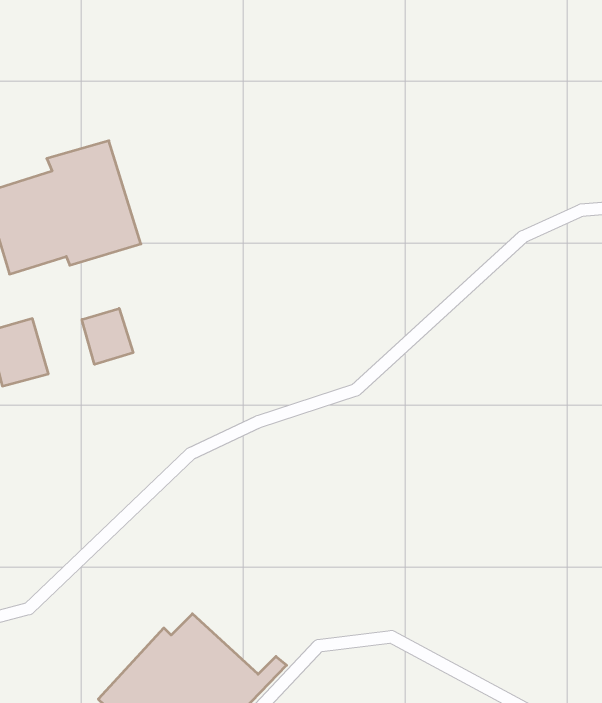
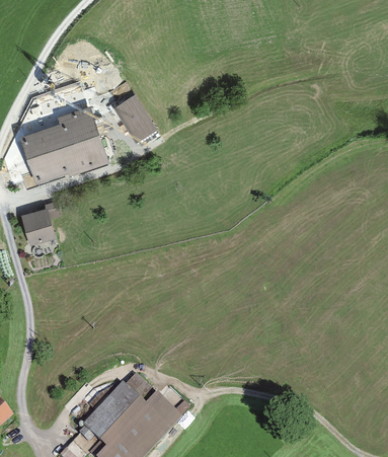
building: none -> [114,95,155,142]
building: [82,308,133,364] -> none

